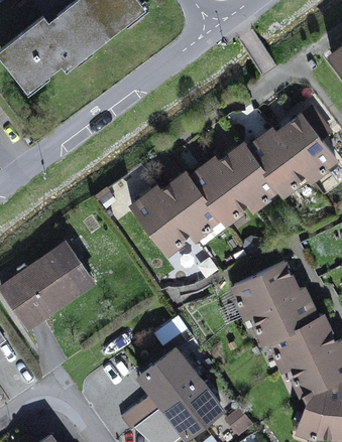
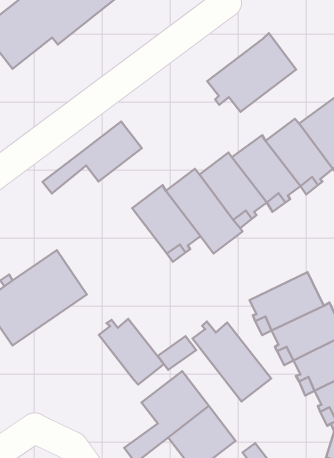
building: none -> [207,33,296,112]
building: none -> [43,121,142,193]
building: none -> [99,319,164,384]
building: none -> [193,322,271,401]

